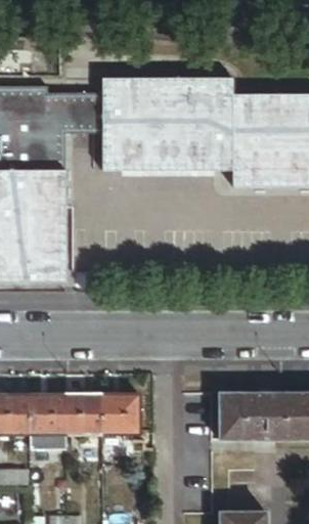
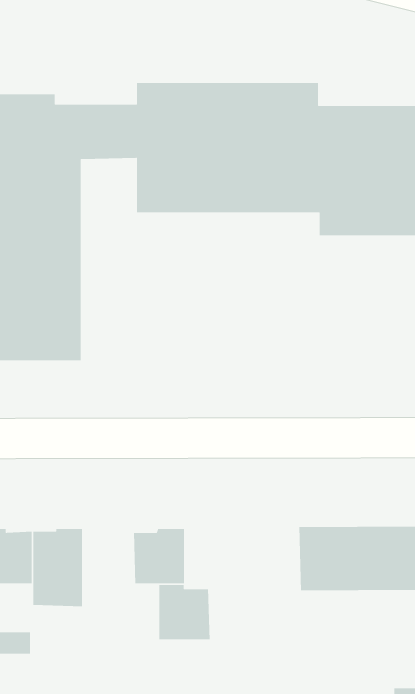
building: [65,395,102,435] -> [159,584,210,640]

